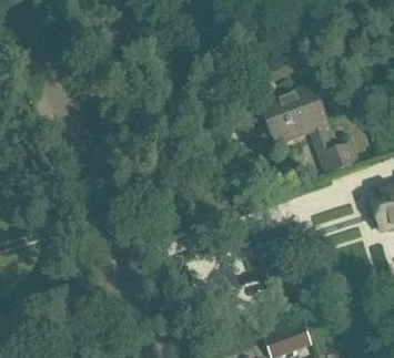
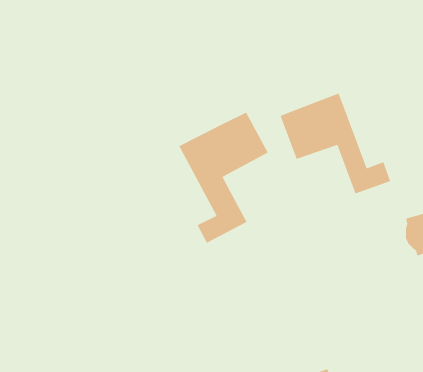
building: none -> [178,112,269,244]

